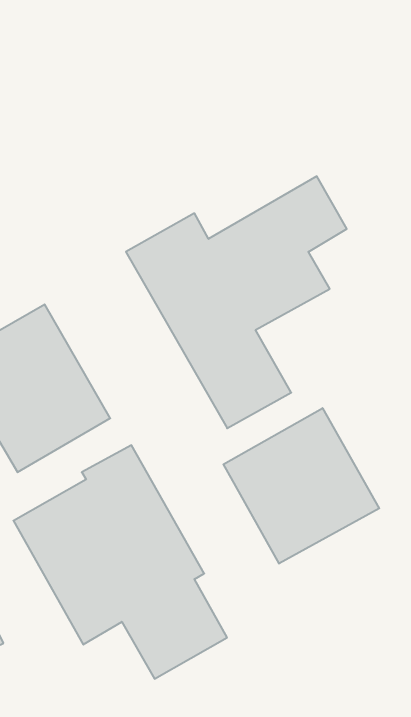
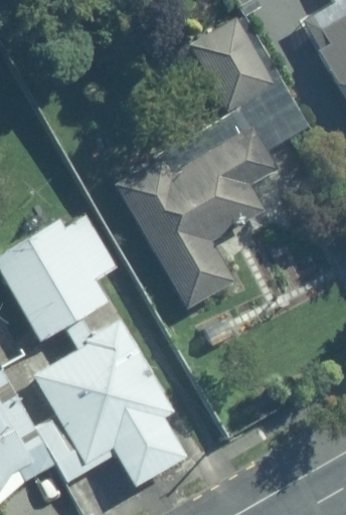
building: none -> [190,18,274,109]
building: [223,408,379,564] -> none

